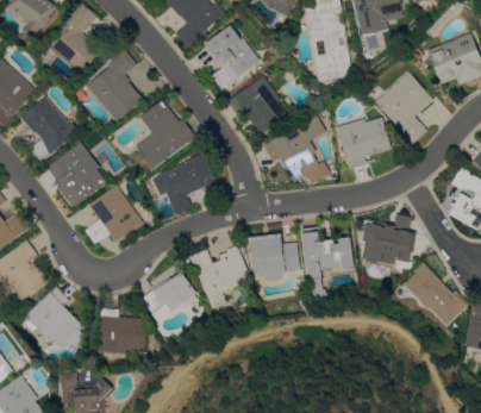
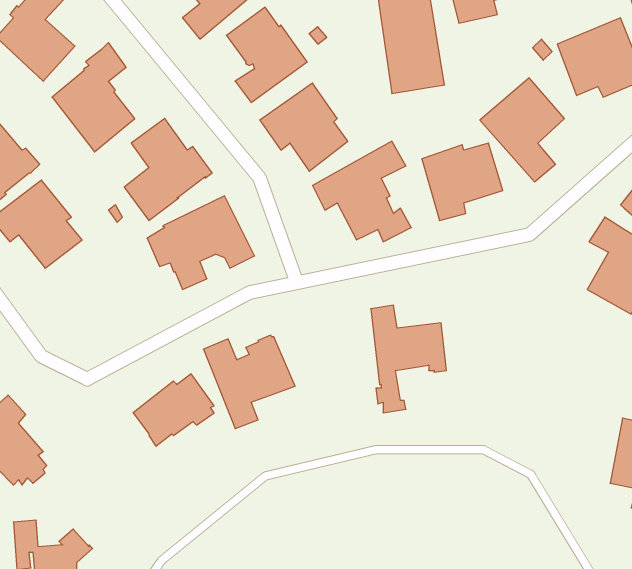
building: [85,186,143,244] -> none
building: [362,212,413,269] -> none
building: [249,233,299,282] -> none
building: [404,262,468,325] -> none
building: [98,308,146,353] -> none

